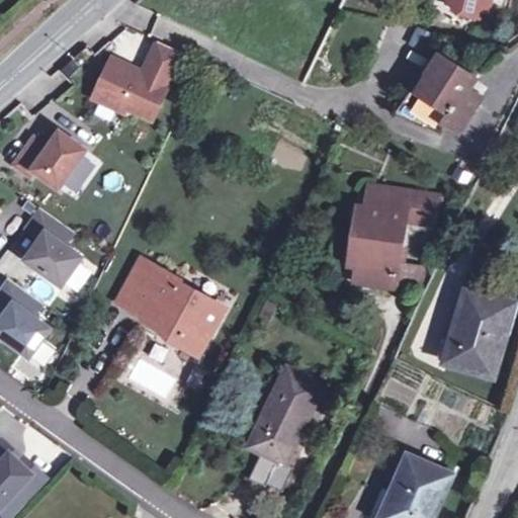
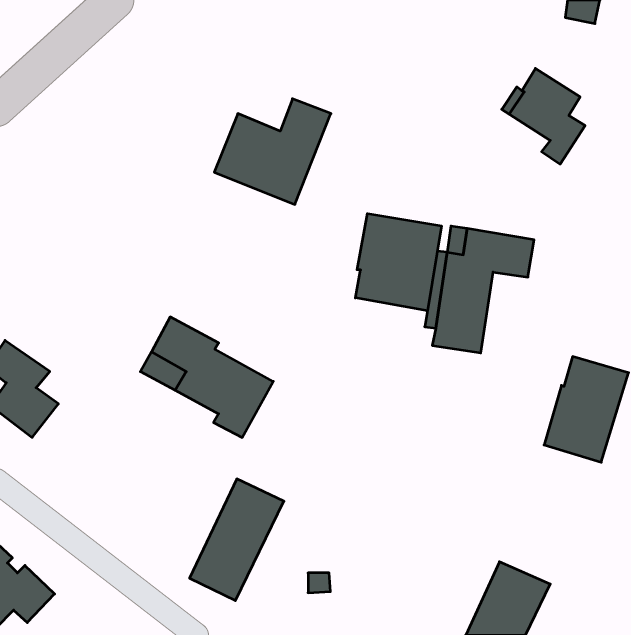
building: [88,40,183,126] -> [214,99,331,204]
building: [12,133,83,188] -> none
building: none -> [355,214,441,311]
building: [20,206,80,286] -> none
building: [246,366,323,465] -> [190,479,284,601]

